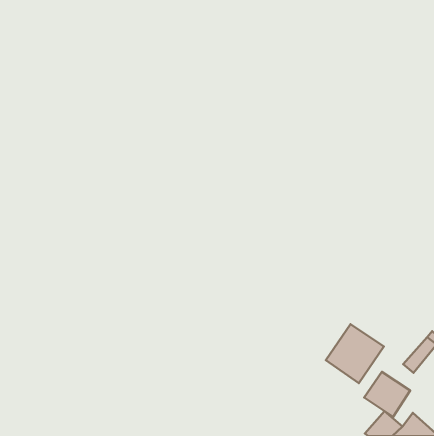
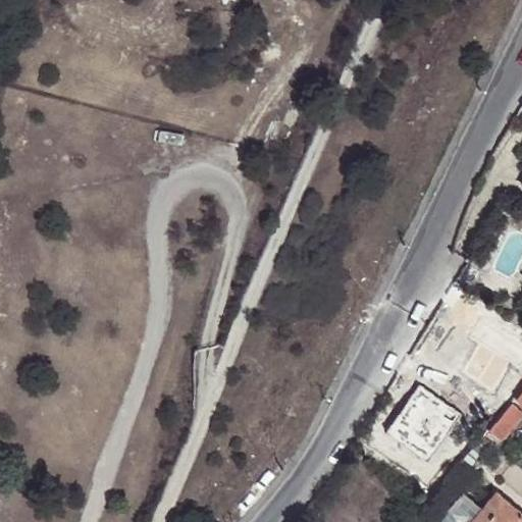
building: [364,372,410,417] -> none

